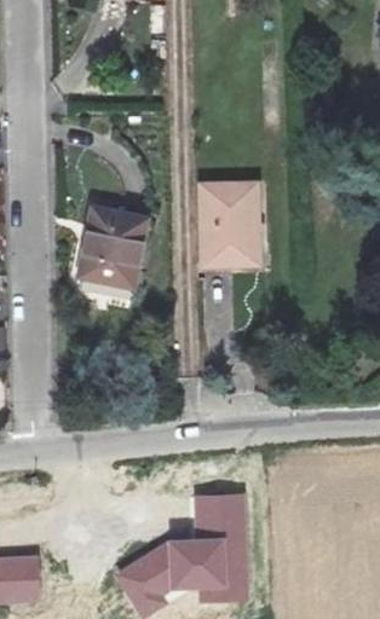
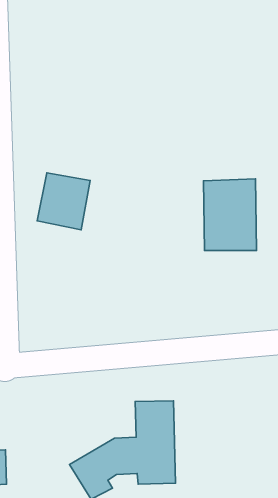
building: [198,190,264,278] -> [204,179,257,251]

